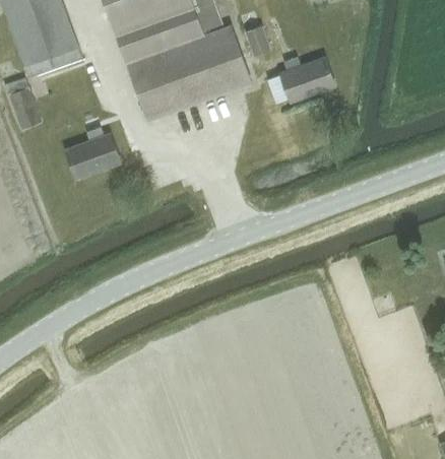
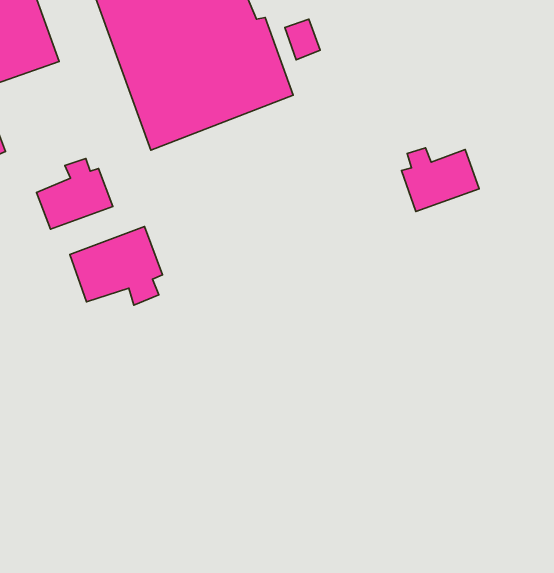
building: [279,56,335,102] -> [402,148,479,211]
building: none -> [70,226,162,305]

